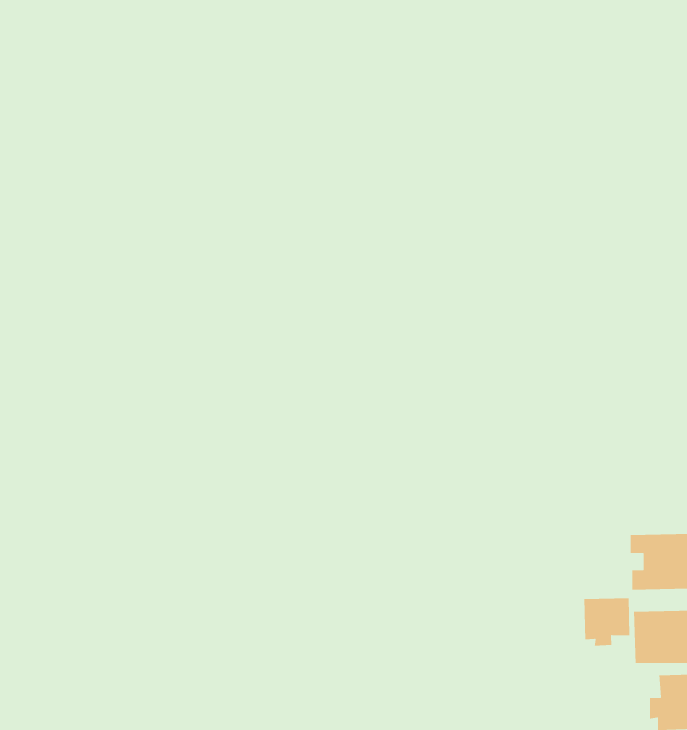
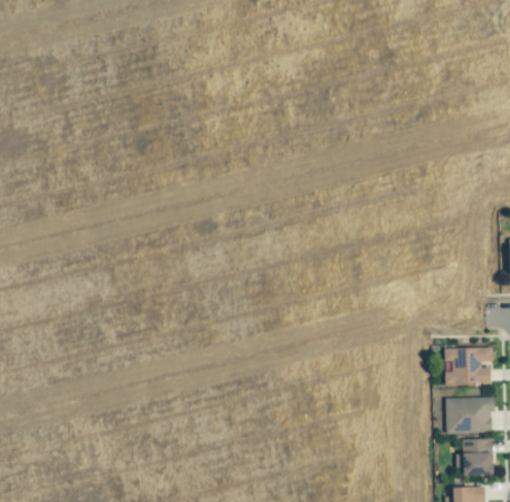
building: [583,597,630,647] -> none

